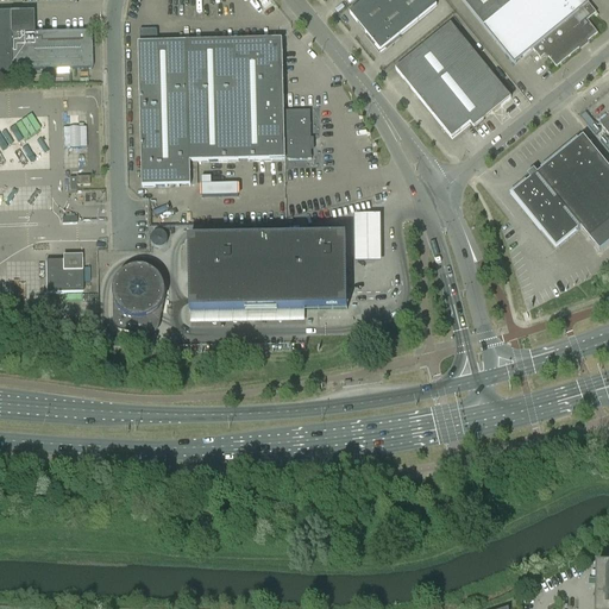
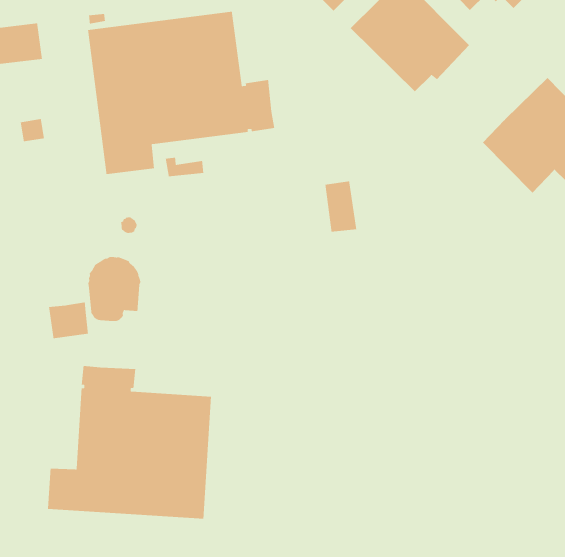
building: [189,231,347,306] -> none
building: [45,255,82,288] -> [48,302,89,339]
building: none -> [47,365,212,519]

